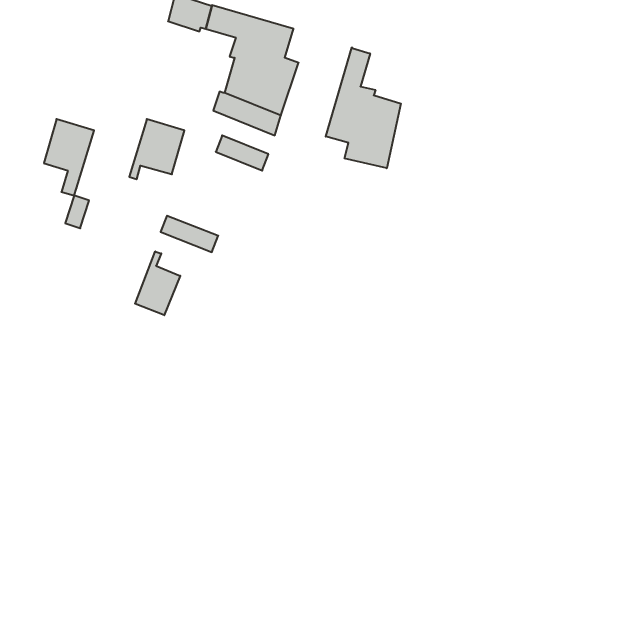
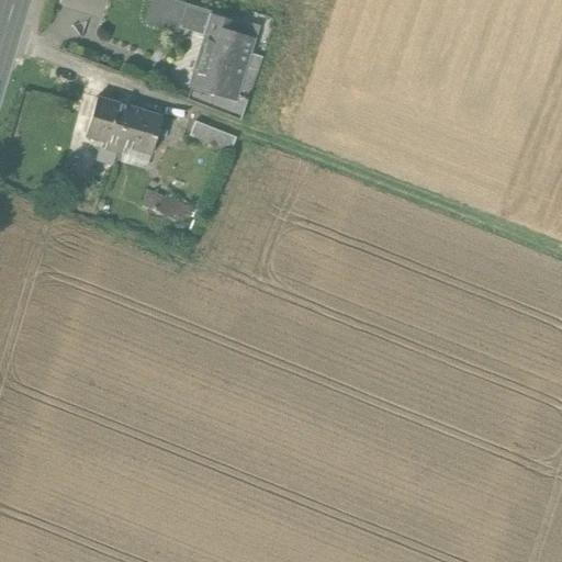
building: [326,47,401,168] -> none
building: [44,119,94,196] -> [85,94,128,161]
building: [135,251,180,315] -> none

